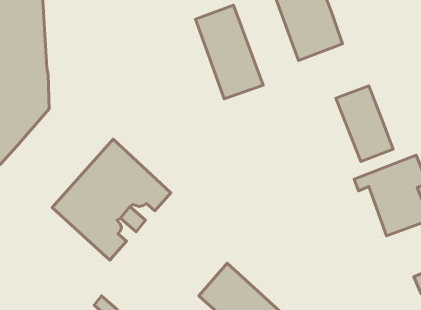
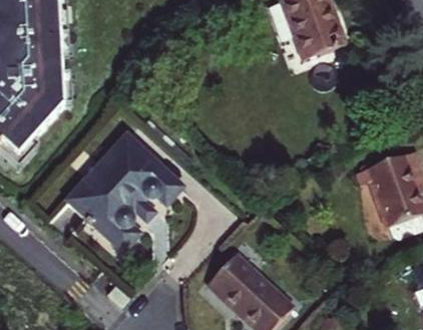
building: [195,5,263,99] -> none
building: [336,86,393,162] -> none

